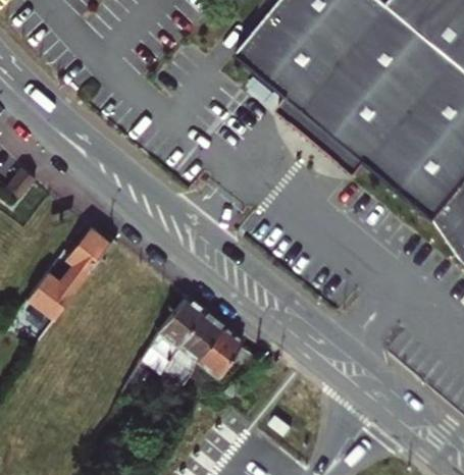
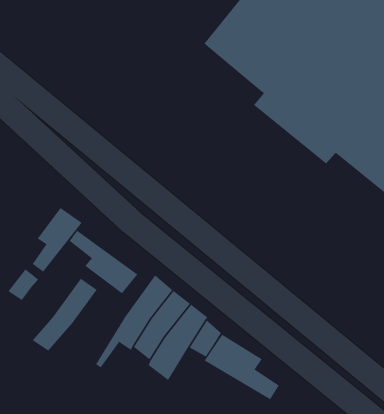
building: none -> [69,230,138,294]
building: none -> [32,278,97,351]
building: none -> [204,334,280,400]

